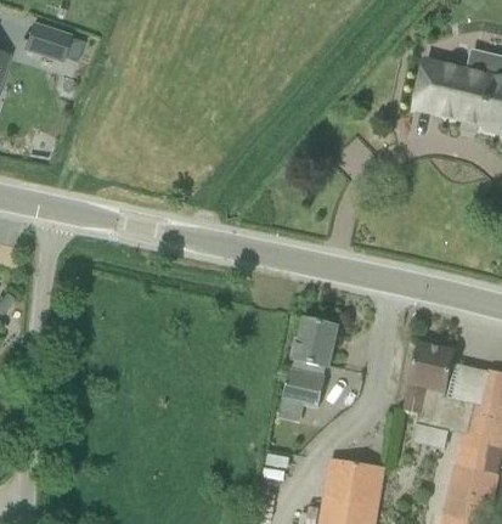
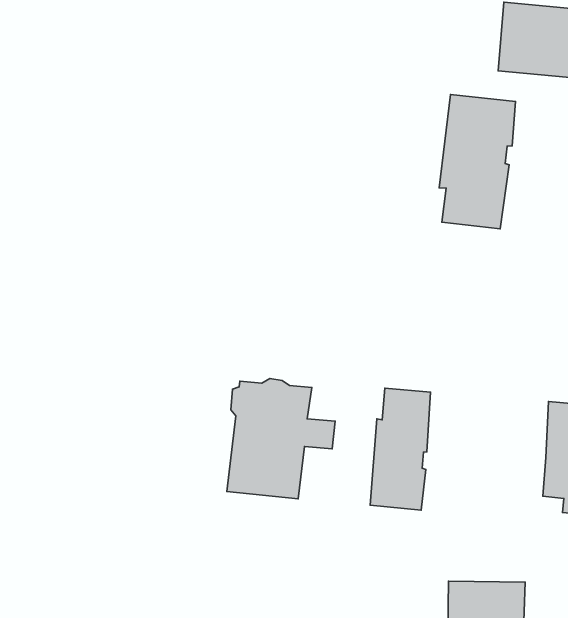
building: none -> [439,95,516,229]
building: none -> [227,378,335,499]

